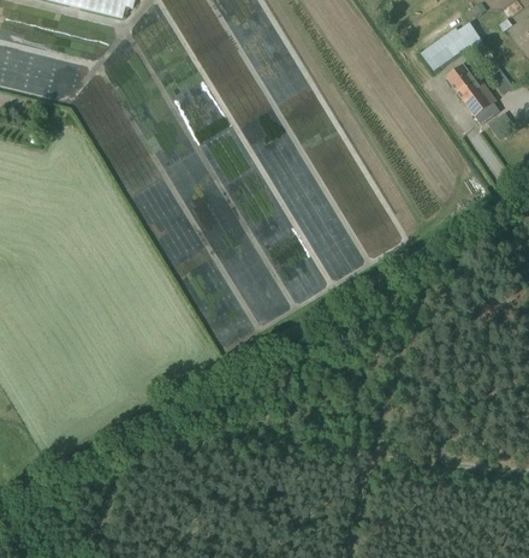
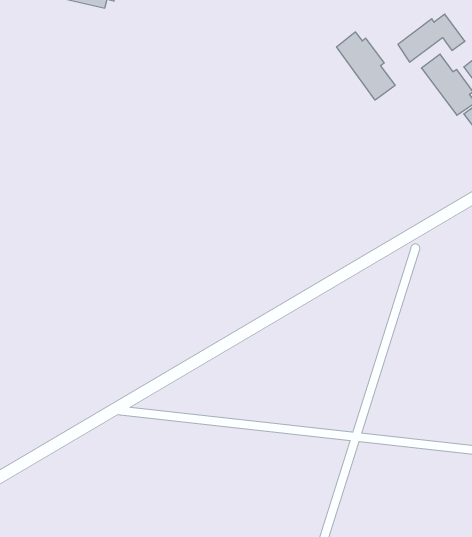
building: none -> [337,32,395,100]

